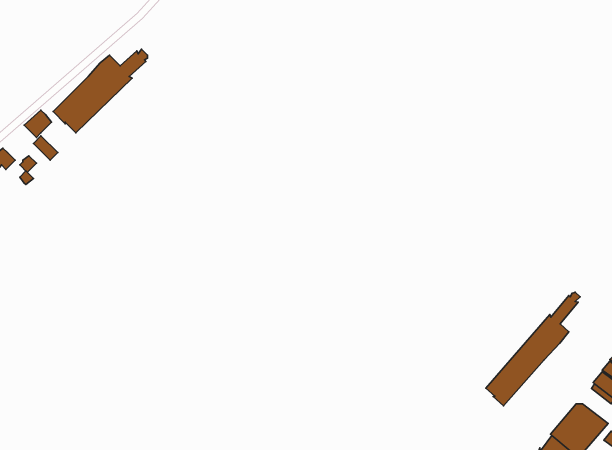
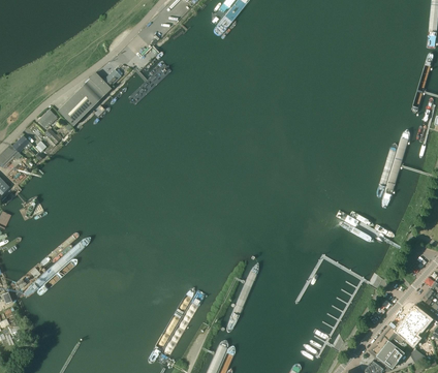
building: [486,292,580,406] -> none

